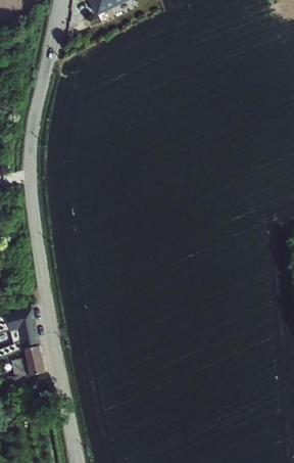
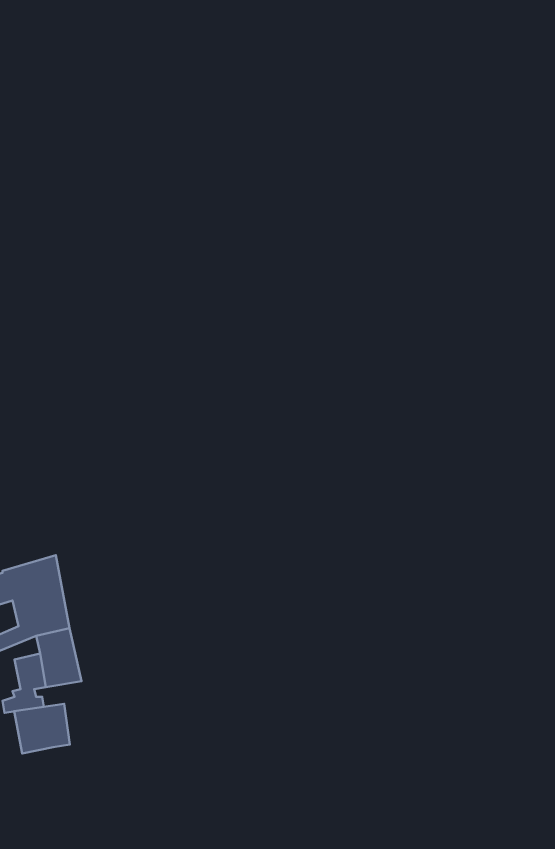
building: none -> [14,704,70,754]

